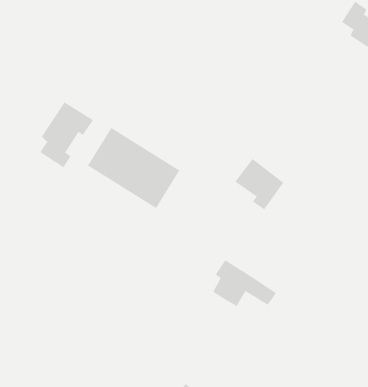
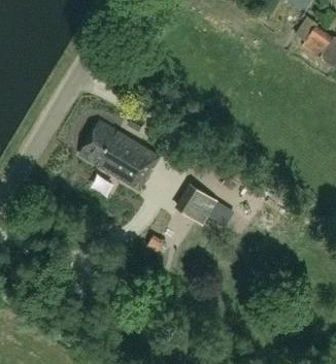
building: [40,101,94,168] -> none
building: [212,260,277,307] -> [179,187,233,226]

